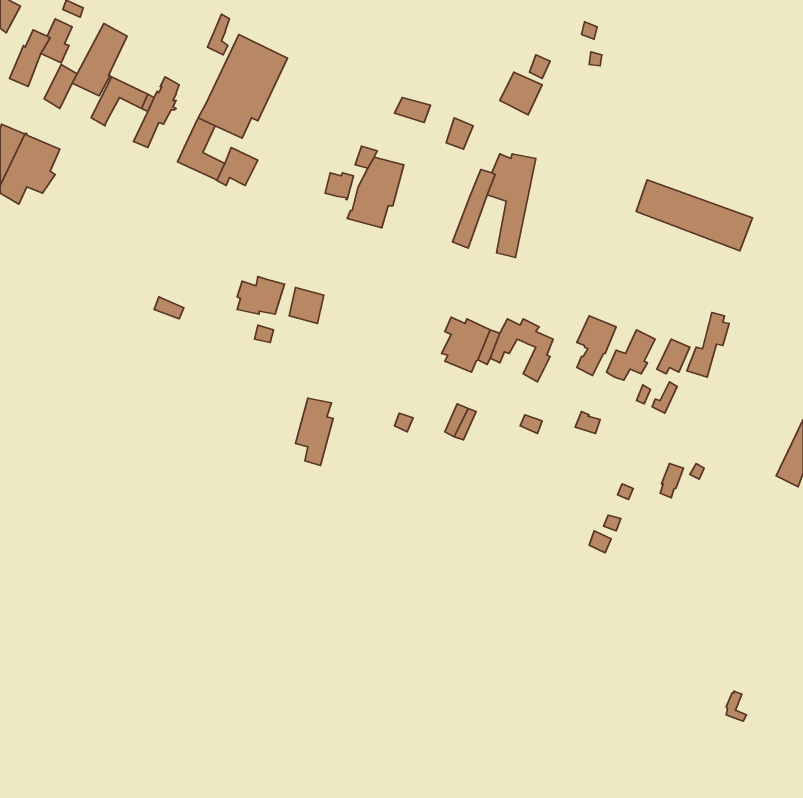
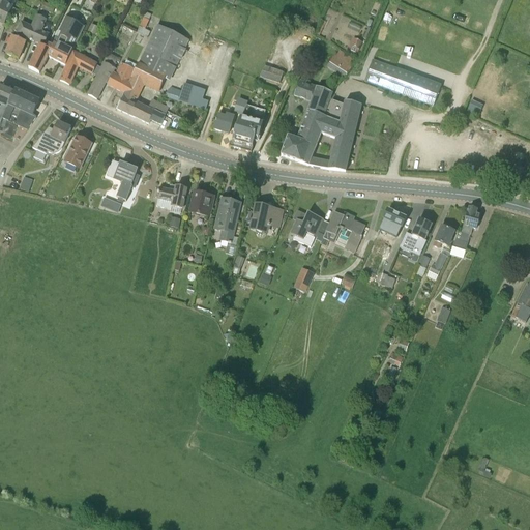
building: none -> [108,61,136,91]
building: none -> [168,83,210,106]
building: none -> [281,85,333,159]
building: [636,180,752,251] -> [365,57,442,104]
building: none -> [32,120,71,152]
building: none -> [64,135,91,166]
building: none -> [110,160,139,199]
building: none -> [249,203,283,231]
building: [295,398,333,466] -> [213,197,238,241]

